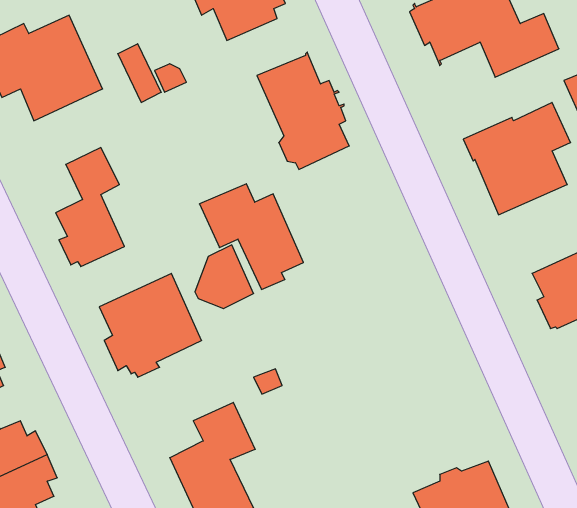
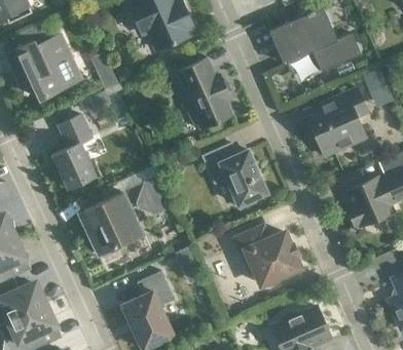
building: [199,184,303,289] -> [203,144,266,208]
building: none -> [235,225,300,284]

